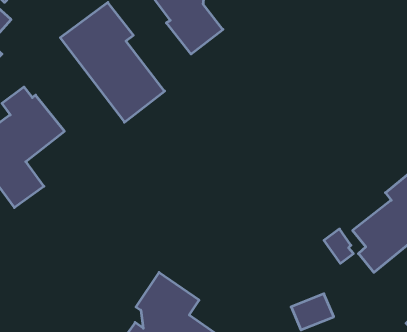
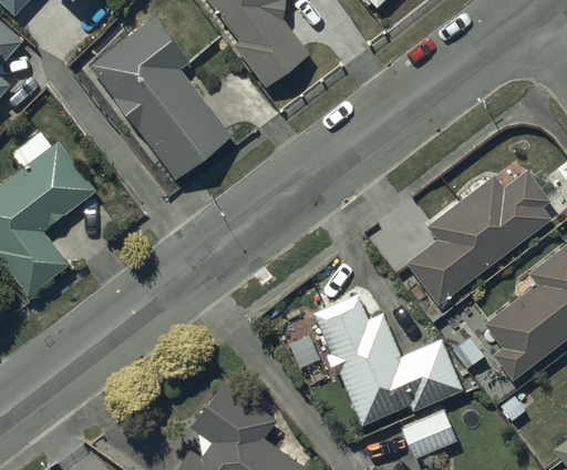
building: none -> [405,162,550,306]
building: none -> [315,295,463,426]

